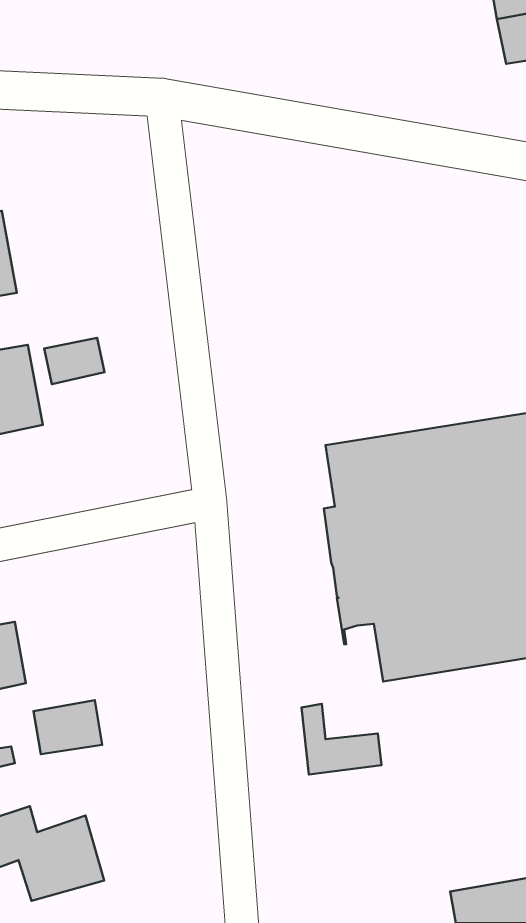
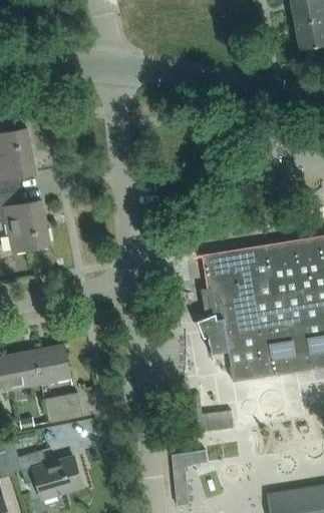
building: [44,338,104,384] -> none
building: none -> [34,344,70,383]
building: none -> [172,450,207,505]

